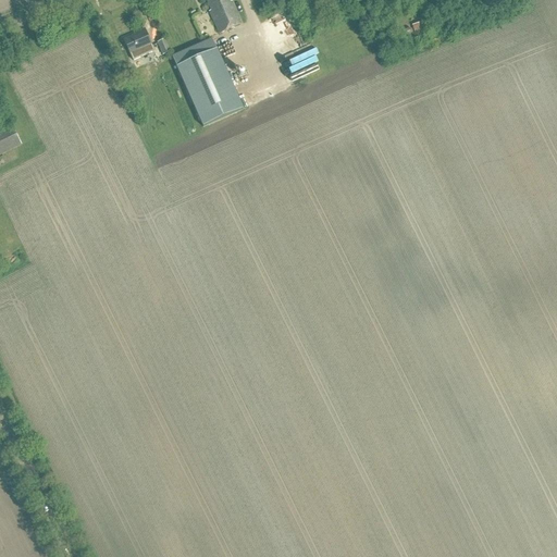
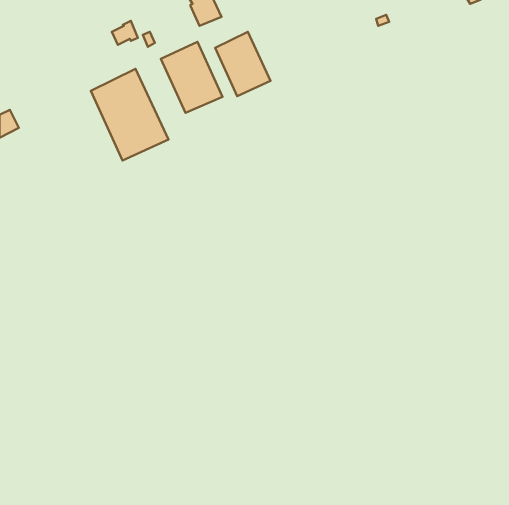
building: none -> [215,32,271,96]
building: none -> [91,69,168,161]

